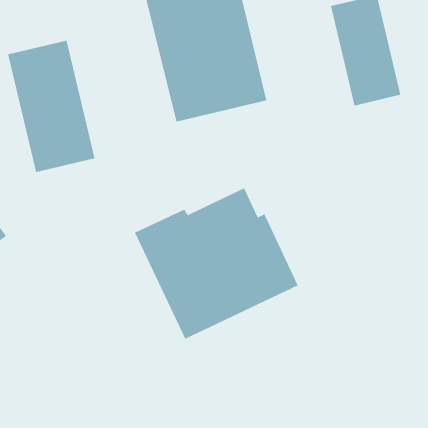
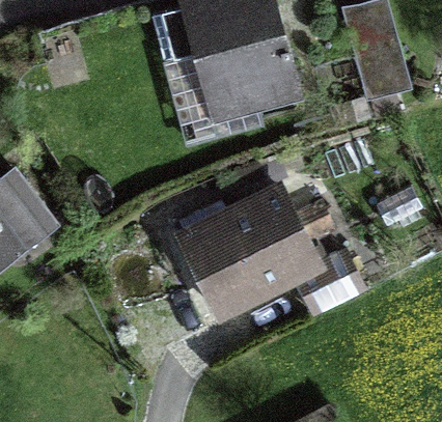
building: [8,40,95,173] -> none

